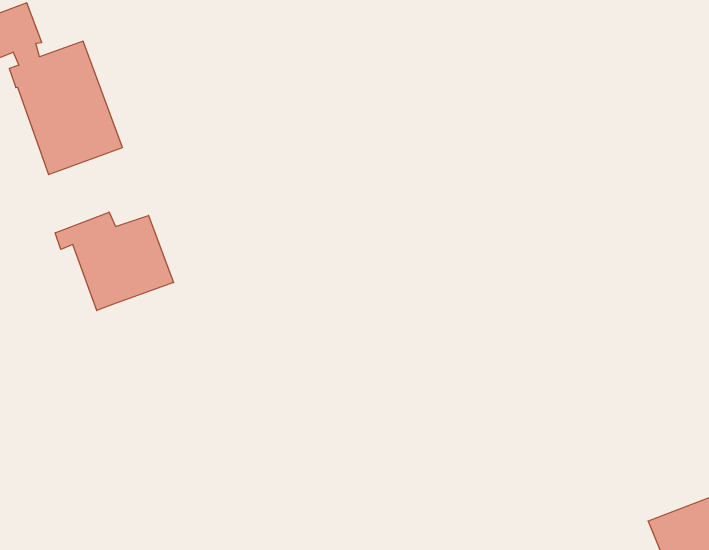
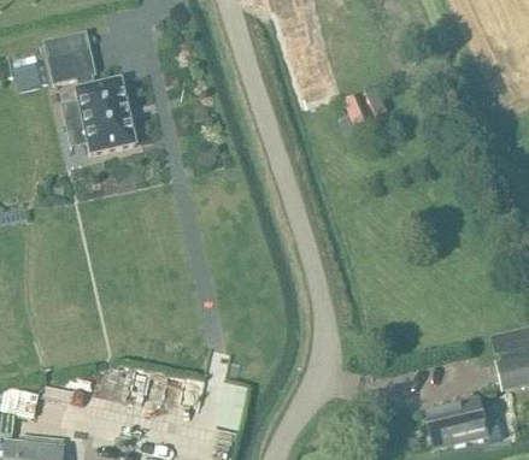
building: [55,212,174,311] -> none

